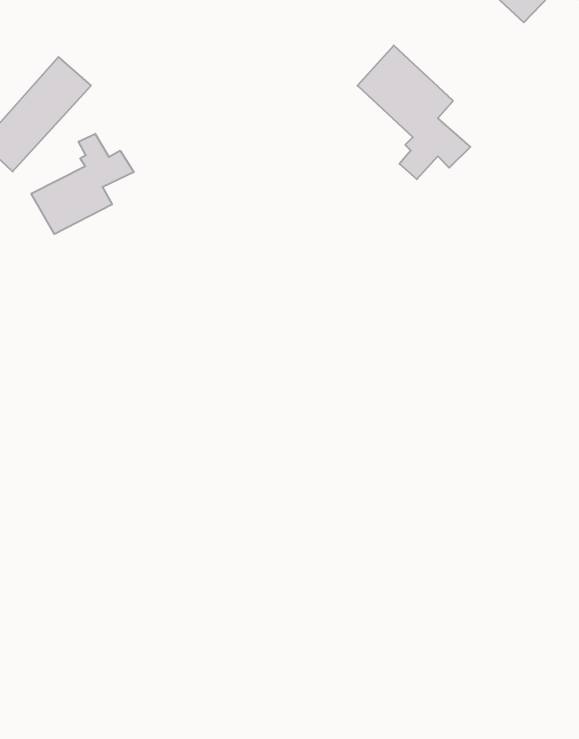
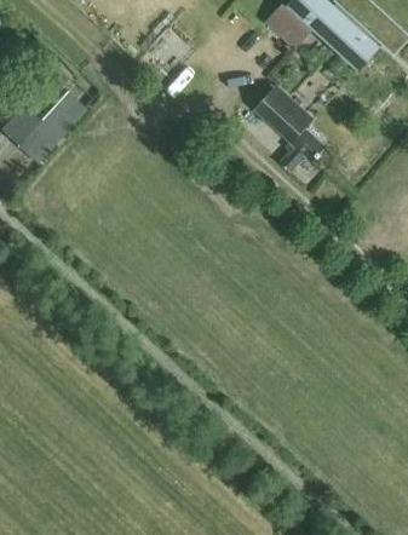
building: [31,134,134,234] -> none

